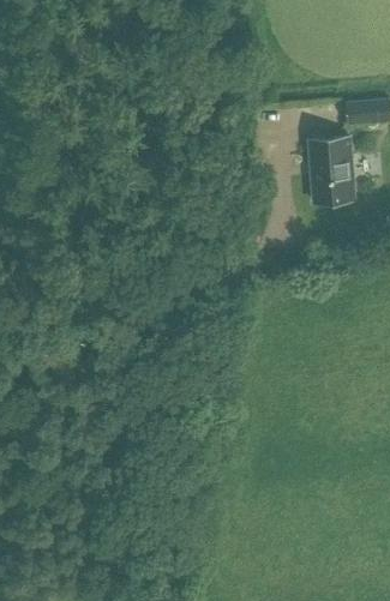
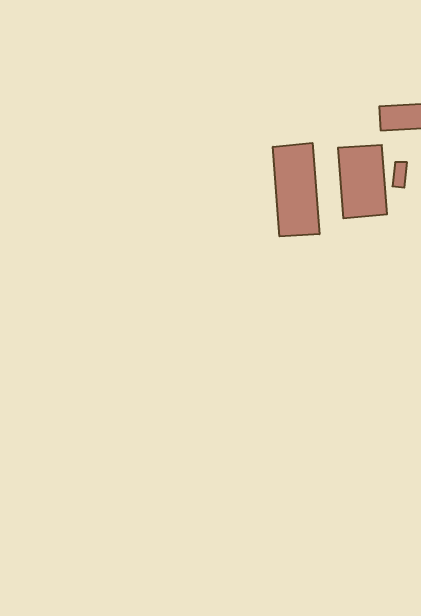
building: none -> [273,143,319,236]

